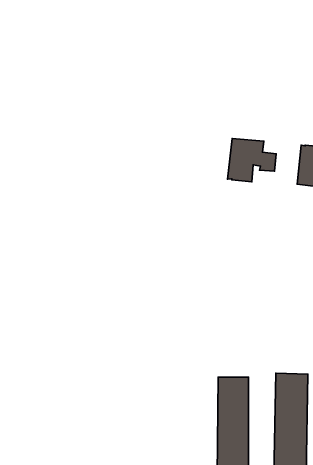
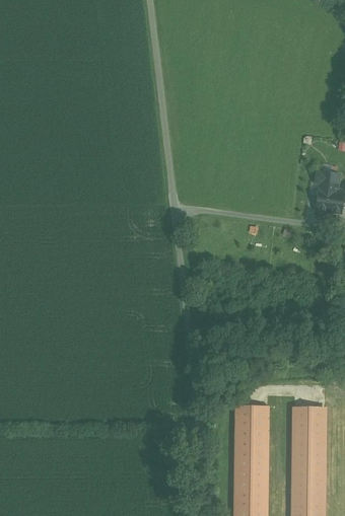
building: [228,139,276,182] -> none

